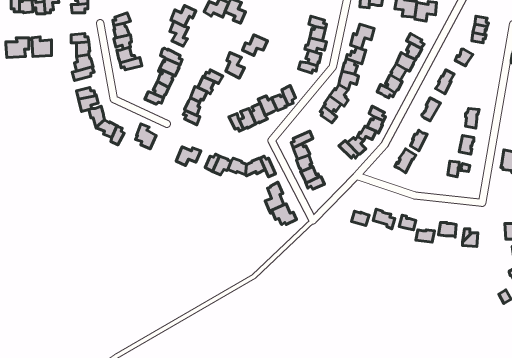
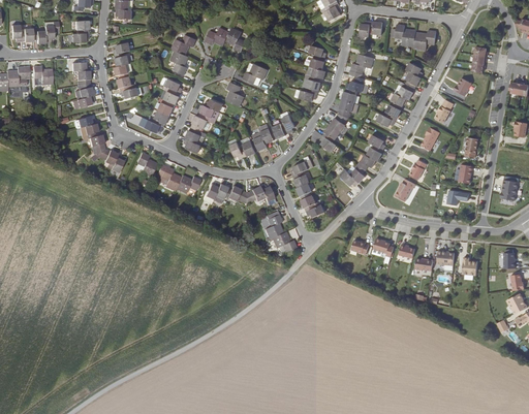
building: none -> [155,164,182,191]

